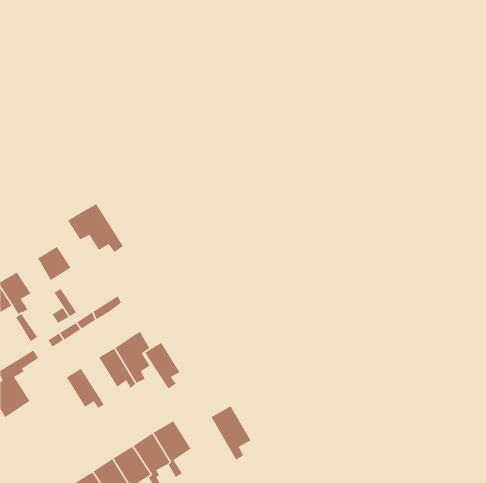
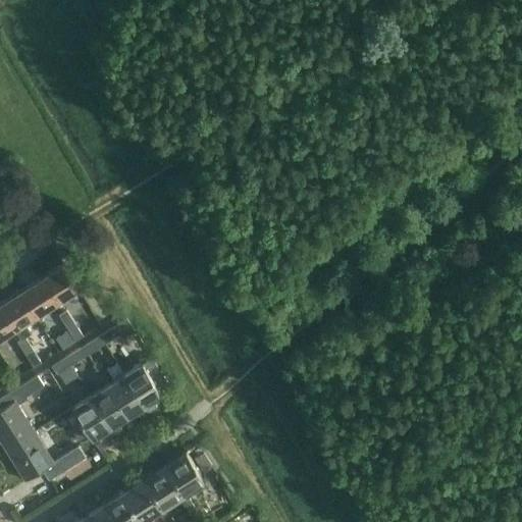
building: [67,203,124,253] -> none
building: none -> [18,280,54,318]
building: [144,342,181,390] -> [87,386,125,437]
building: none -> [5,433,83,483]
building: [211,405,252,461] -> none

